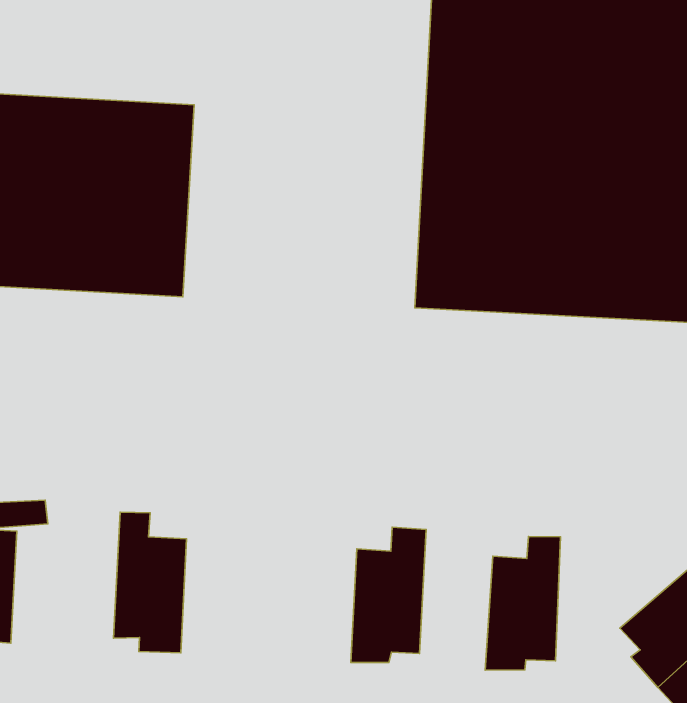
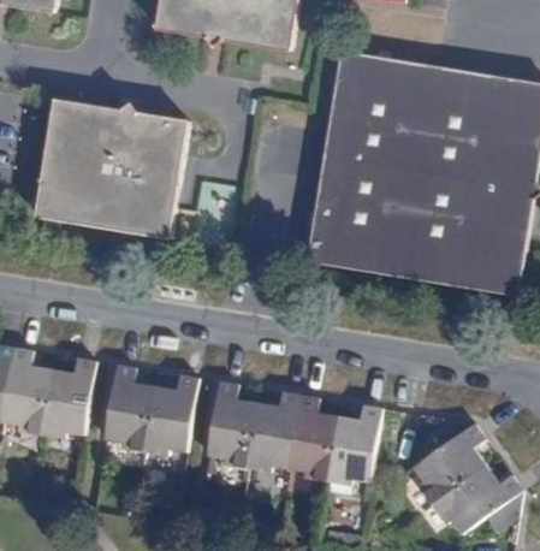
building: none -> [41,356,95,439]
building: none -> [143,373,197,456]
building: none -> [206,380,256,469]
building: none -> [287,393,338,482]

